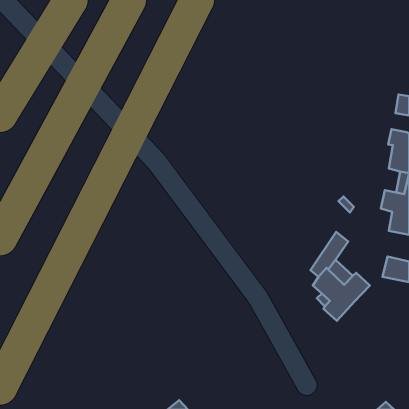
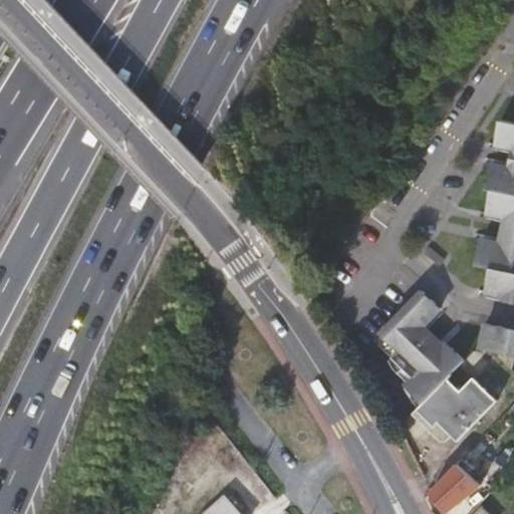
building: none -> [415,377,495,443]
building: none -> [433,468,473,509]

